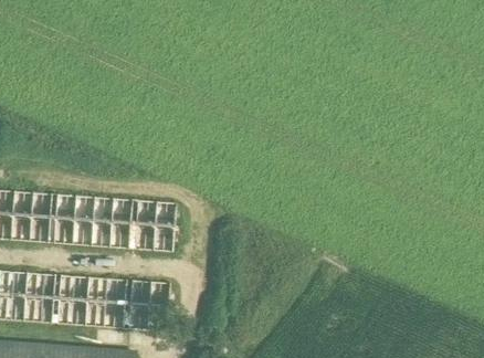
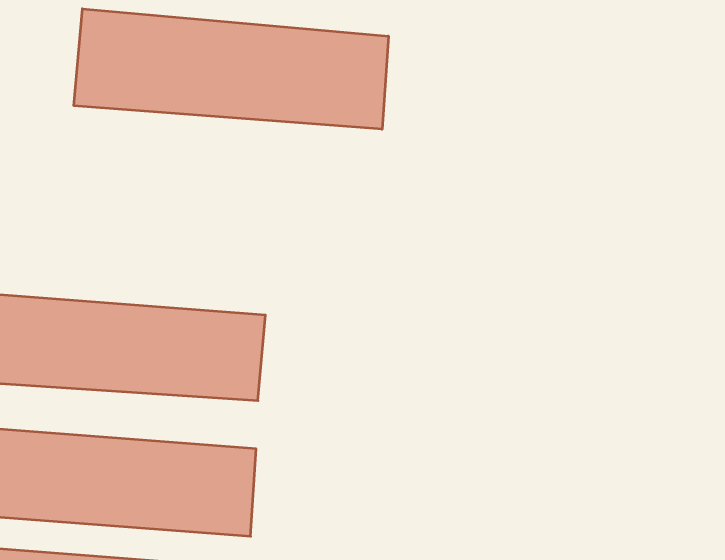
building: none -> [74,9,388,129]

